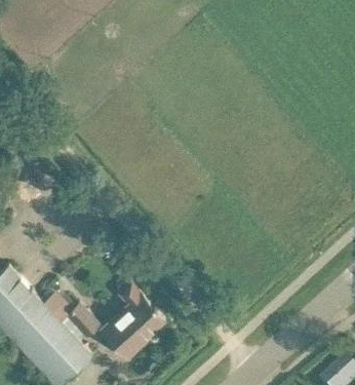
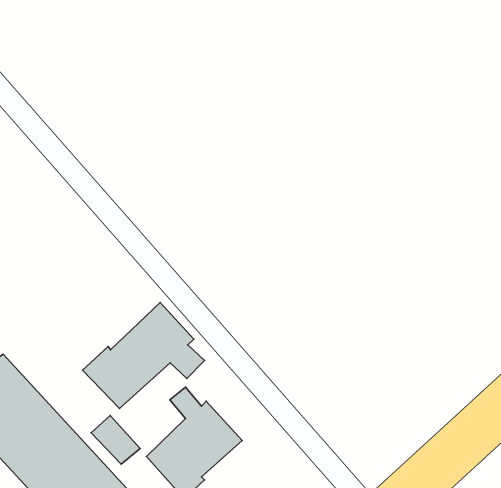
building: none -> [82,303,204,408]

